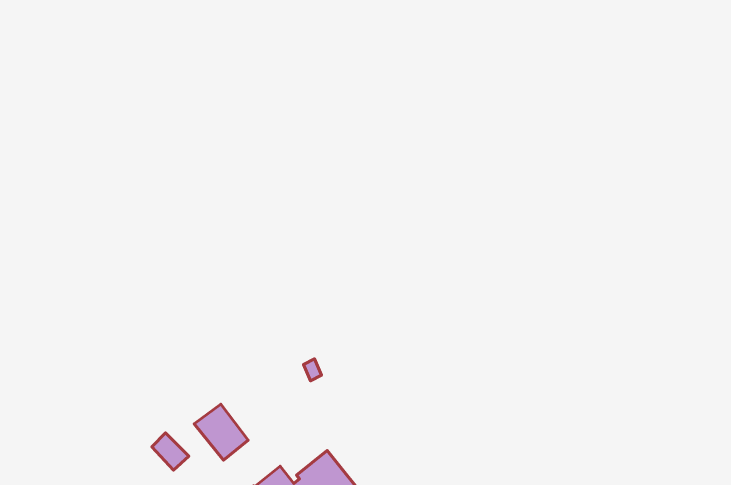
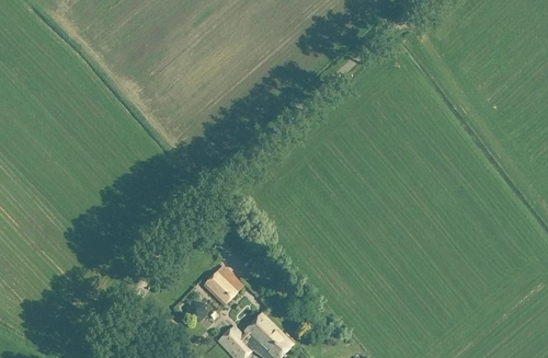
building: none -> [204,272,237,304]

